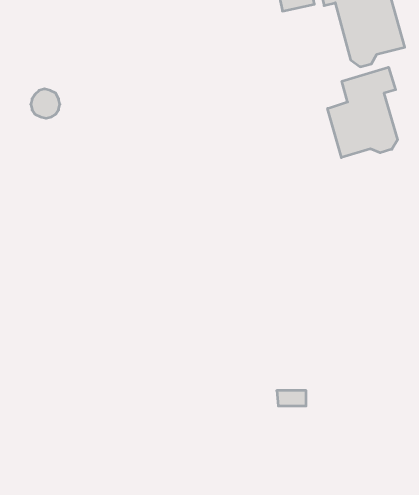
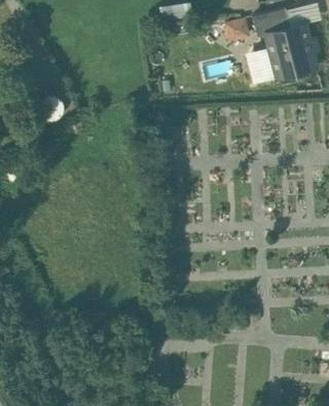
building: [328,67,398,158] -> none

